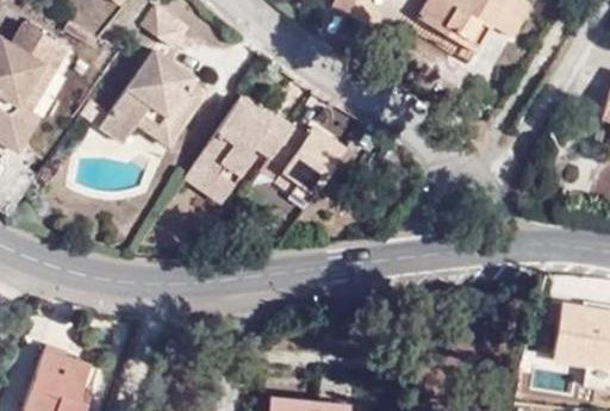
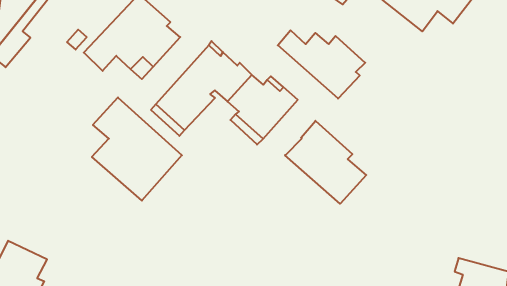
building: none -> [278,30,365,99]
building: none -> [285,121,366,204]
building: none -> [92,97,182,201]

